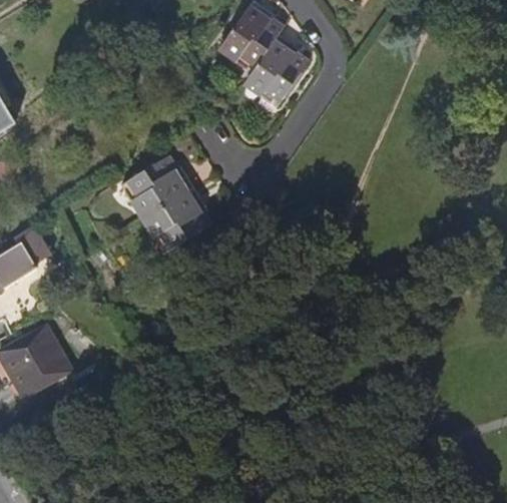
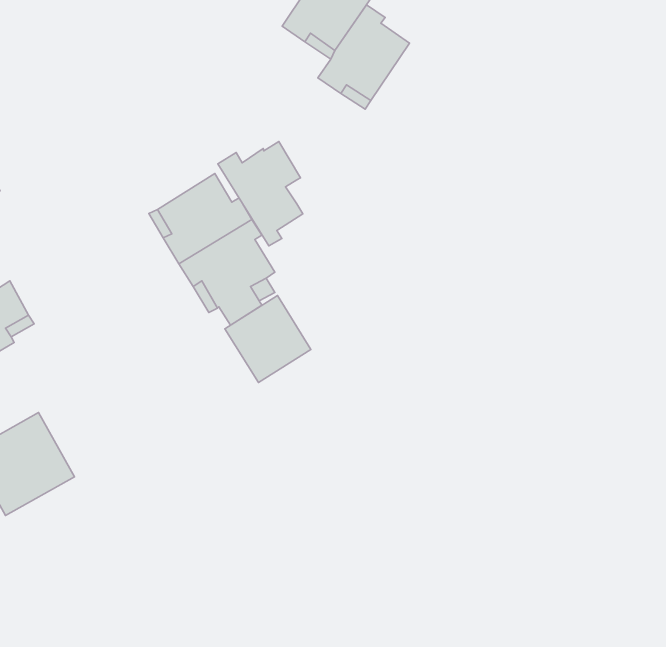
building: none -> [218,142,303,246]
building: none -> [225,296,311,383]

